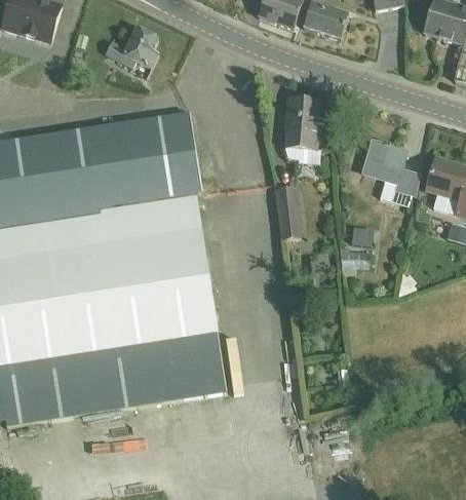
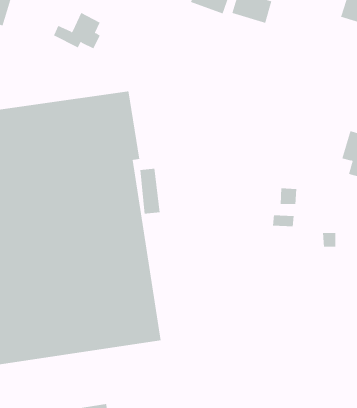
building: [285,98,319,149] -> none
building: [361,139,420,205] -> none
building: [276,187,300,238] -> [139,168,161,214]

